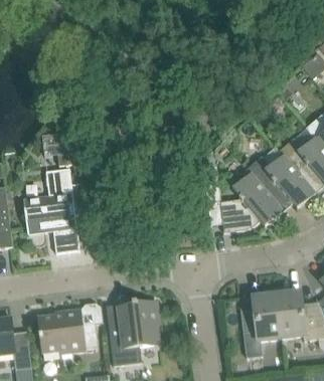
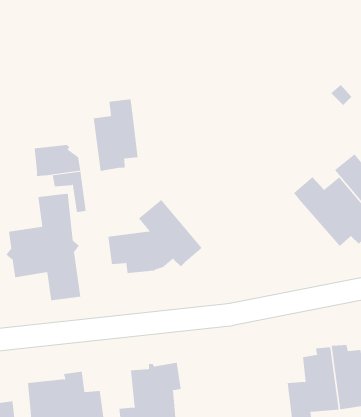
building: none -> [93,98,138,172]
building: [207,173,282,231] -> [107,199,203,274]

